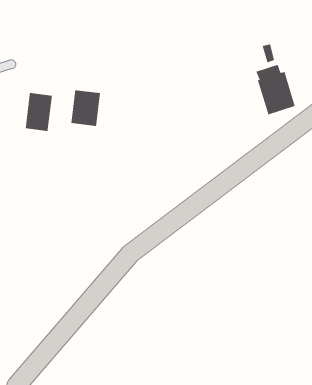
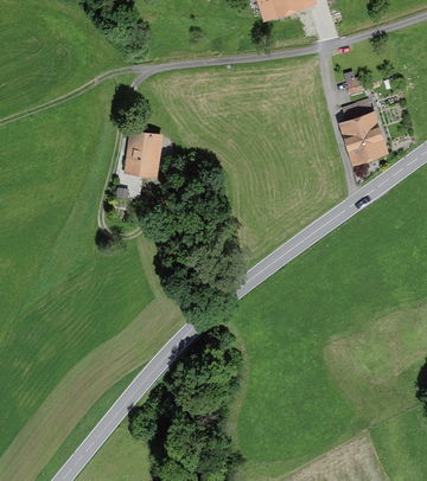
building: [25,92,52,132] -> none

